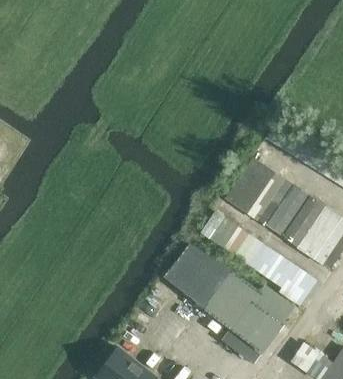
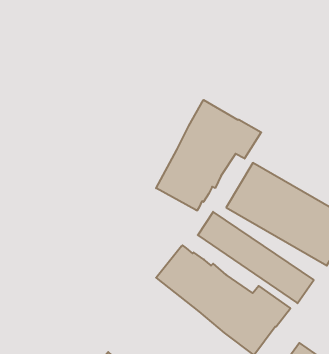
building: none -> [156,100,261,211]

